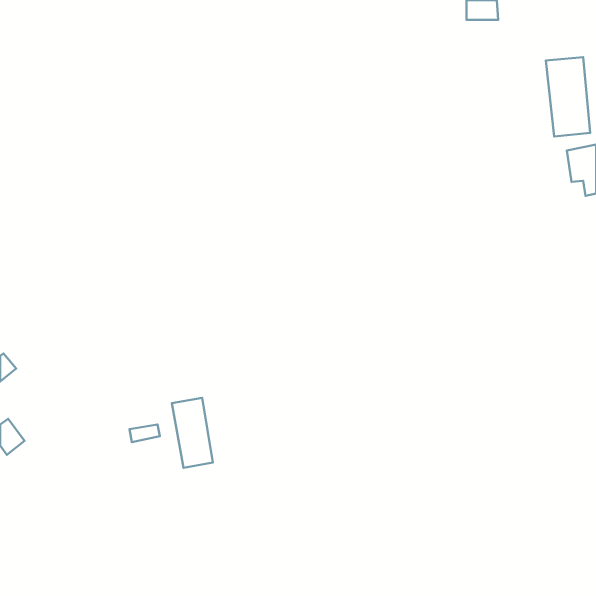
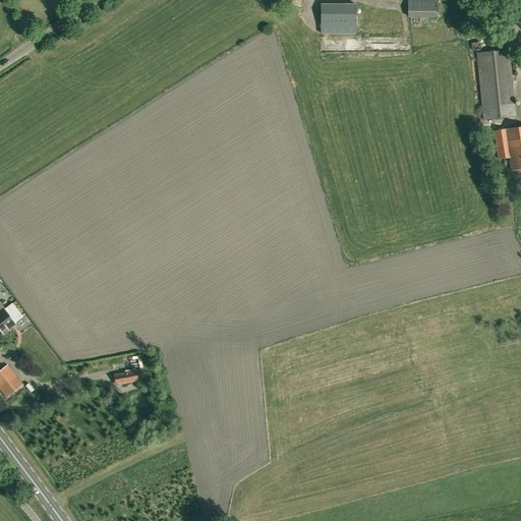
building: none -> [322,4,355,25]
building: [172,398,213,468] -> none

